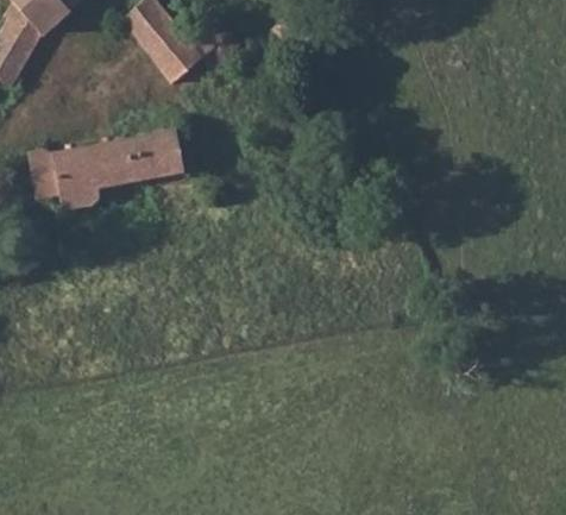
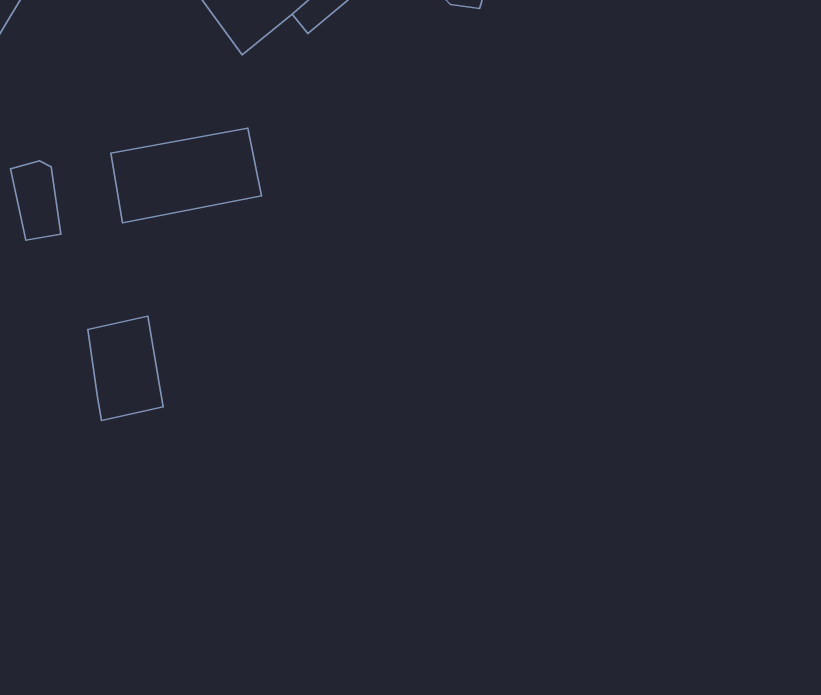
building: [52,144,99,208] -> [88,316,163,420]

